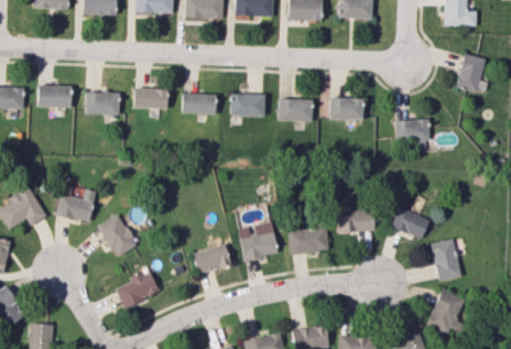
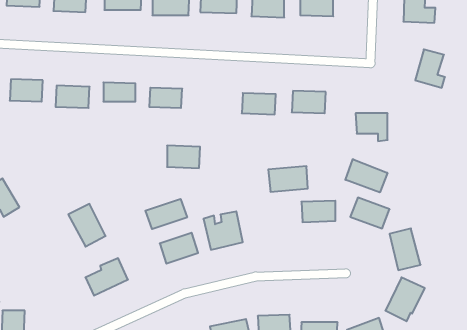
building: [231,94,265,117] -> [167,146,200,168]
building: none -> [345,159,387,192]
building: [56,185,96,222] -> none
building: none -> [145,199,187,229]
building: [289,228,329,254] -> [268,166,308,192]

